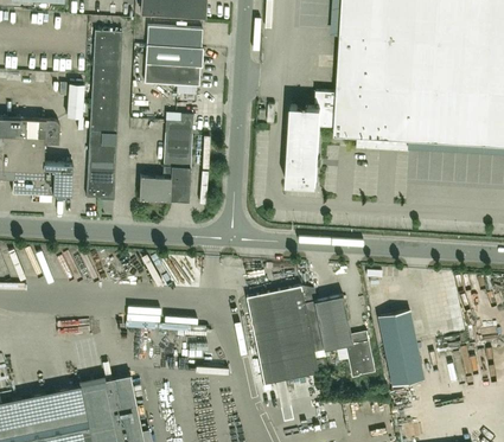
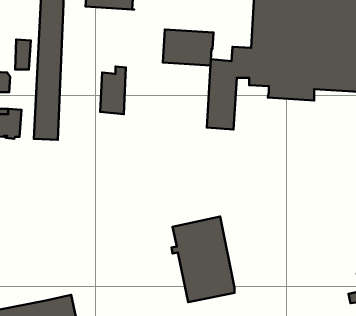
building: [145,45,203,87] -> [163,29,214,66]
building: [140,166,191,201] -> none
building: [301,286,375,377] -> none
building: [377,309,423,385] -> none

